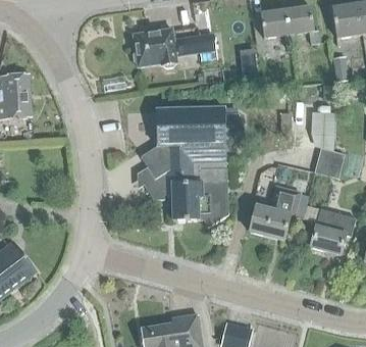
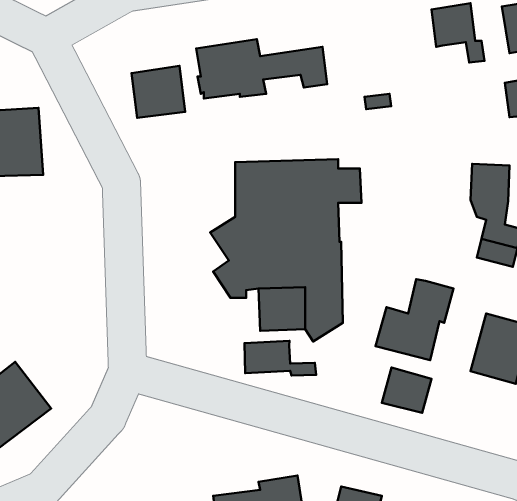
building: [260,9,295,47] -> none
building: none -> [132,66,185,118]
building: none -> [244,341,316,376]
building: none -> [382,368,432,413]

